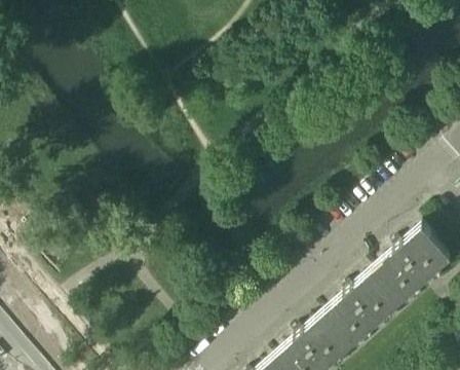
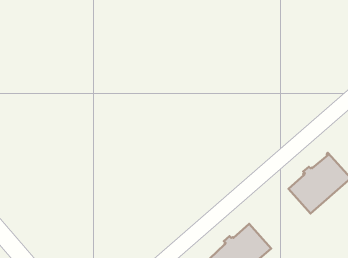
building: [325,270,402,345] -> none

